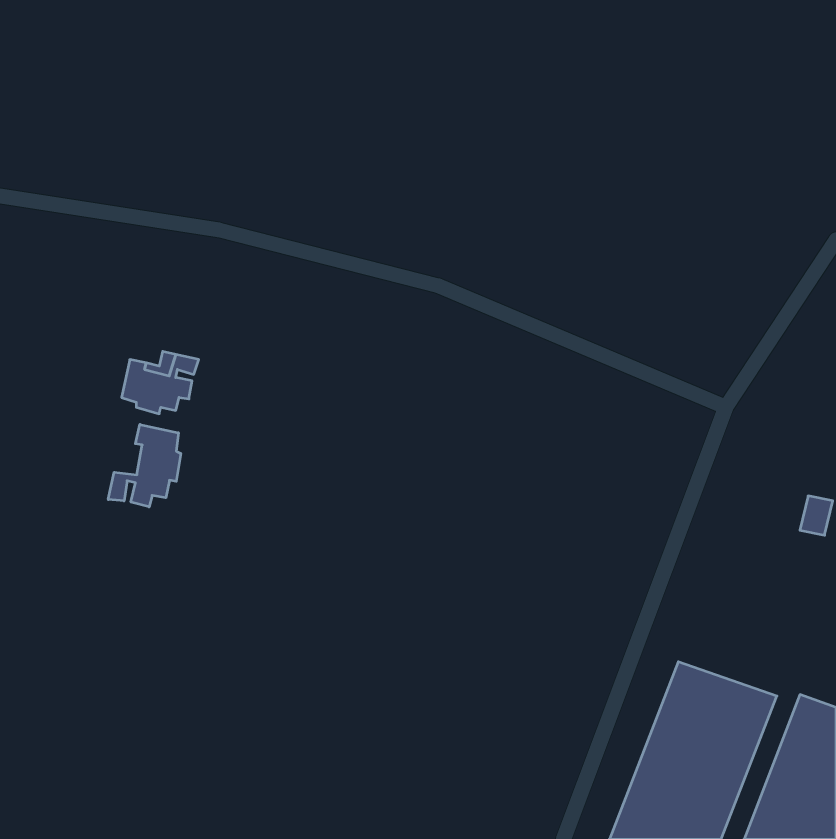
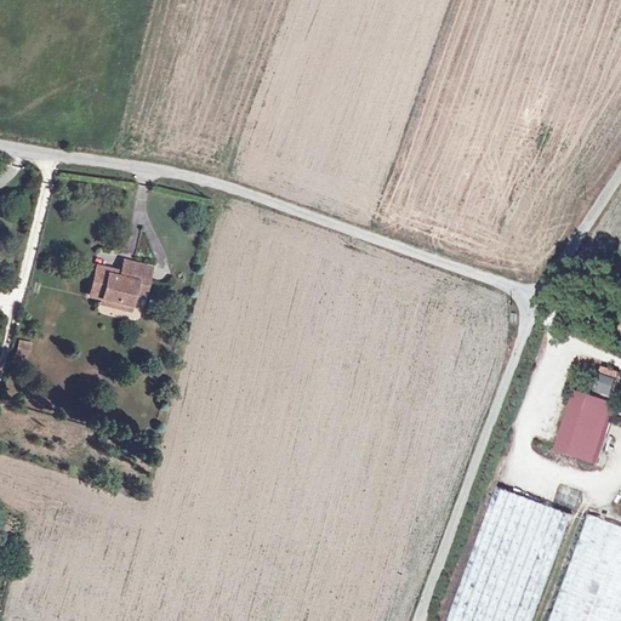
building: [108,424,181,507] -> none
building: none -> [559,392,608,458]

